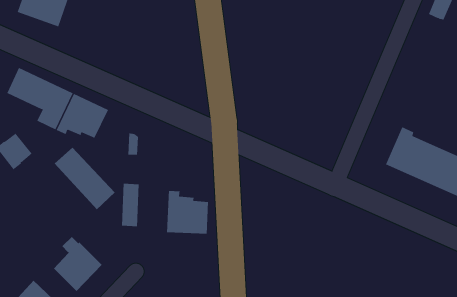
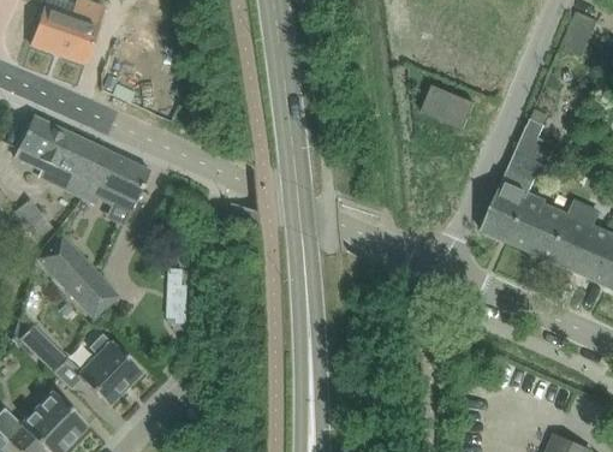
building: none -> [422,85,475,130]
building: none -> [481,126,544,242]
building: [54,147,115,210] -> [38,237,118,319]
building: [167,190,208,235] -> none
building: none -> [19,326,67,373]

